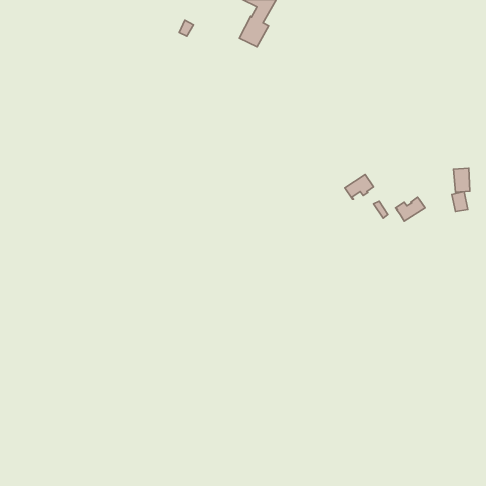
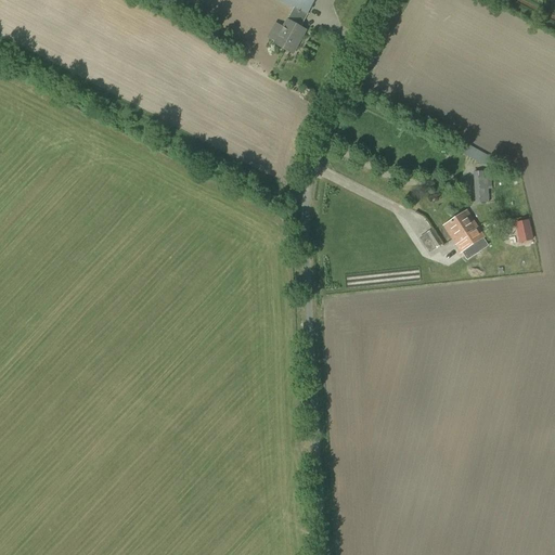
building: [454,168,470,192] -> [473,175,491,202]
building: [345,174,374,199] -> [442,210,475,238]

